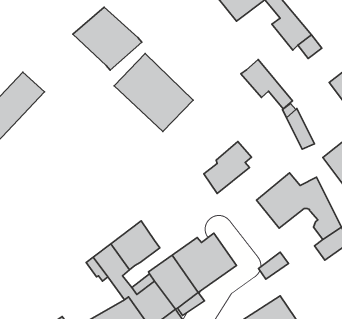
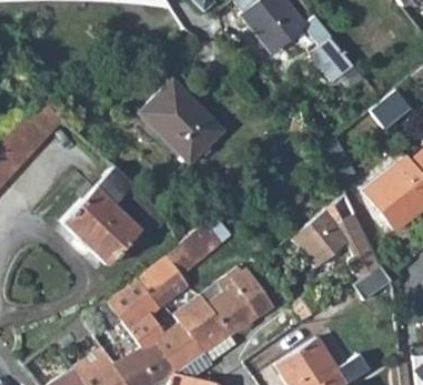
building: [73,7,142,70] -> none
building: [241,59,293,109] -> none
building: none -> [63,166,169,265]
building: [204,142,251,194] -> [168,223,219,278]

